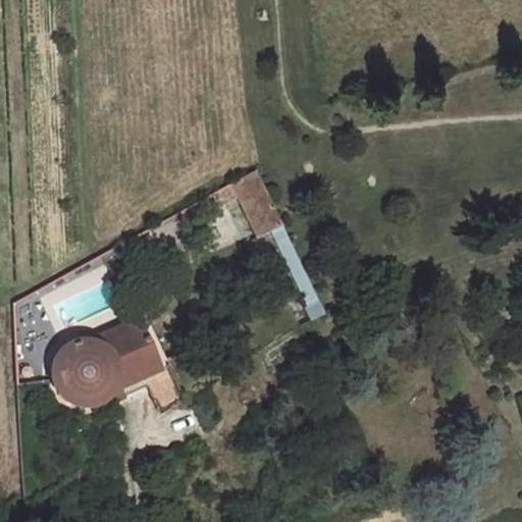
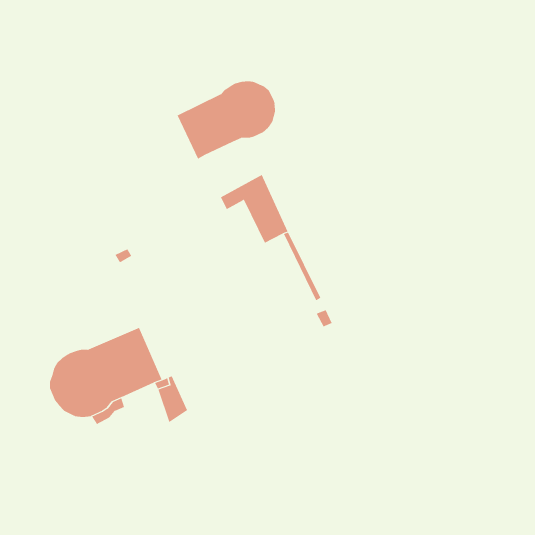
building: none -> [177,80,276,159]

